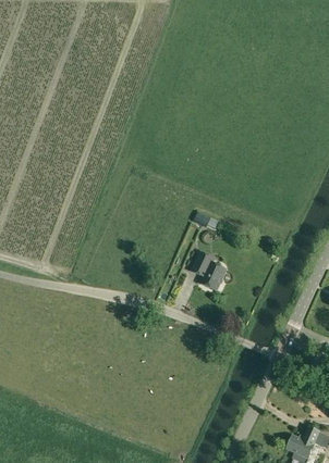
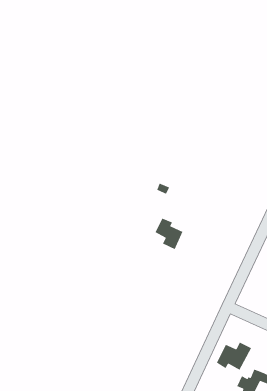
building: none -> [216,341,252,371]

